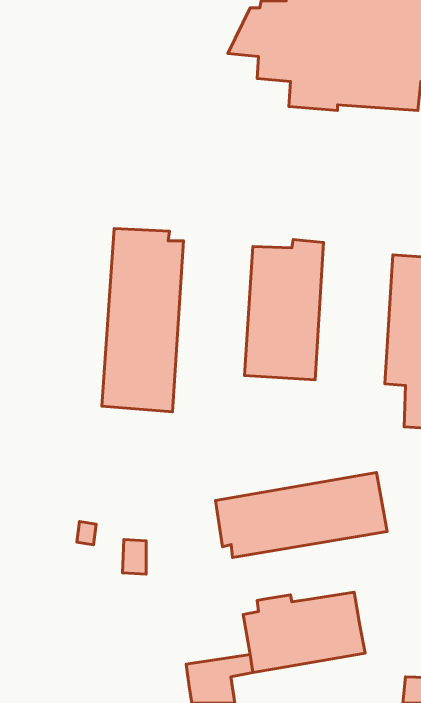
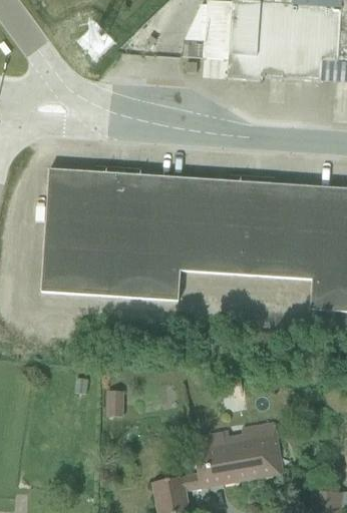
building: none -> [41,164,101,294]
building: none -> [143,174,202,300]
building: none -> [247,175,303,278]
building: [216,473,387,557] -> none

